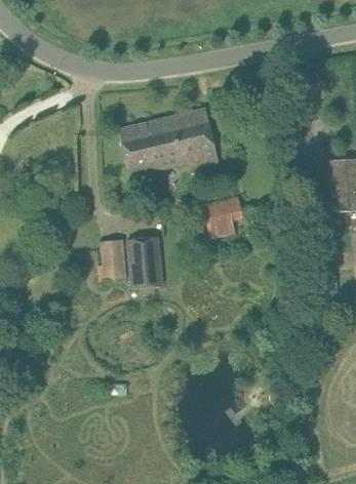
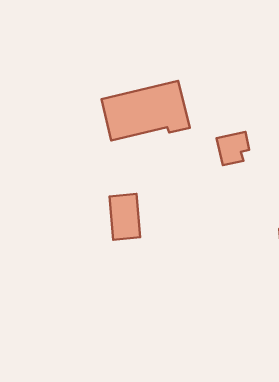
building: [204,199,241,237] -> [217,132,249,165]
building: [98,238,125,278] -> none

